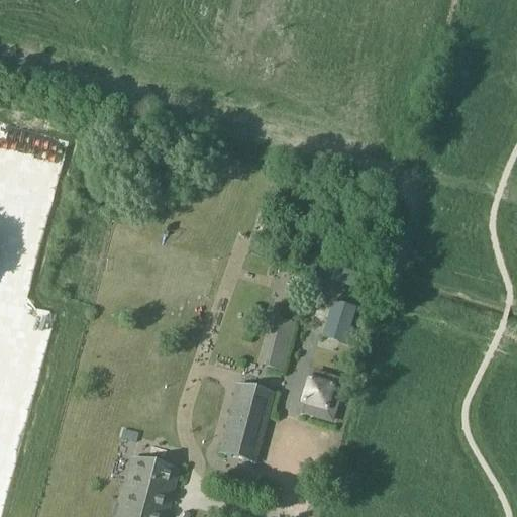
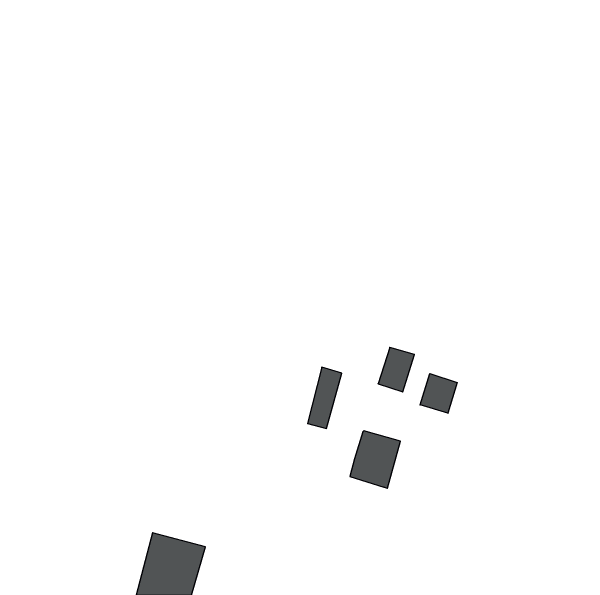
building: none -> [420,374,457,413]
building: [220,385,272,460] -> none

